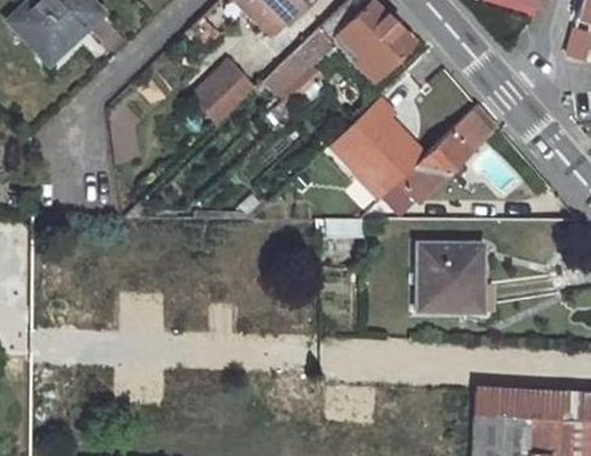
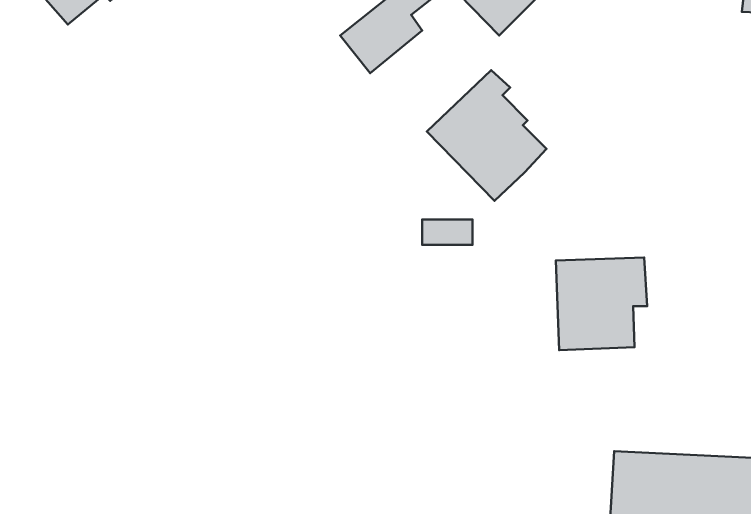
building: [194,60,259,125] -> none
building: [402,108,494,200] -> none

